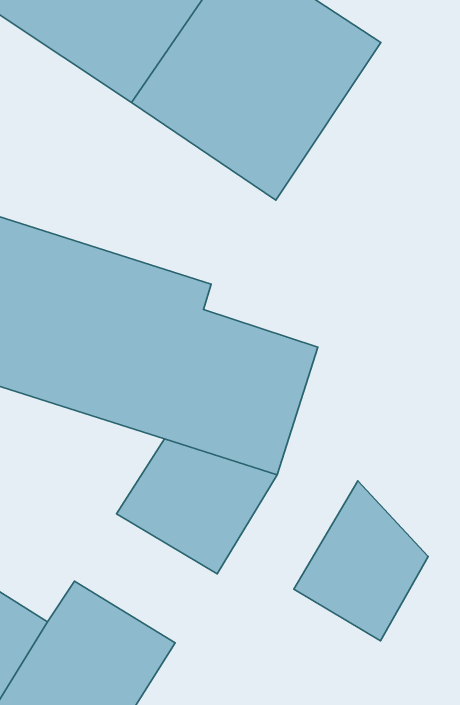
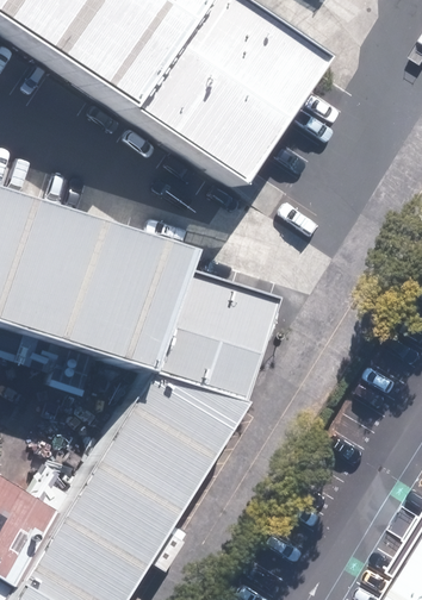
building: [294,481,428,641] -> none
building: none -> [85,429,198,531]

